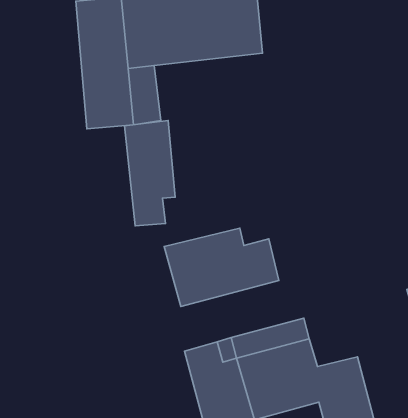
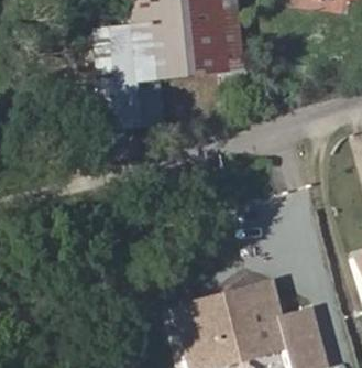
building: [125,120,175,226] -> none
building: [164,228,279,307] -> none

